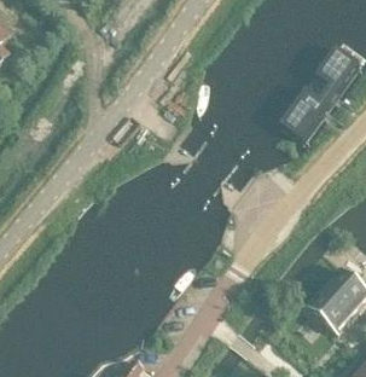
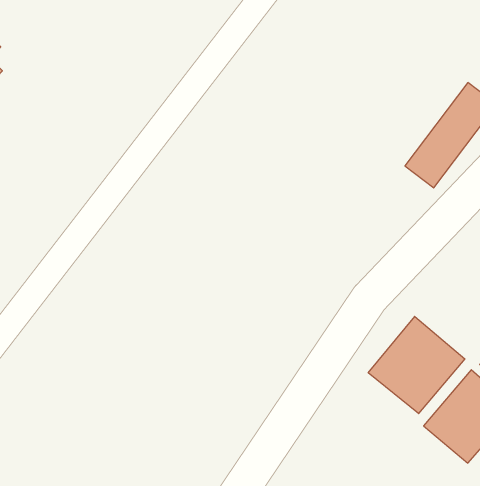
building: none -> [368,316,465,414]

